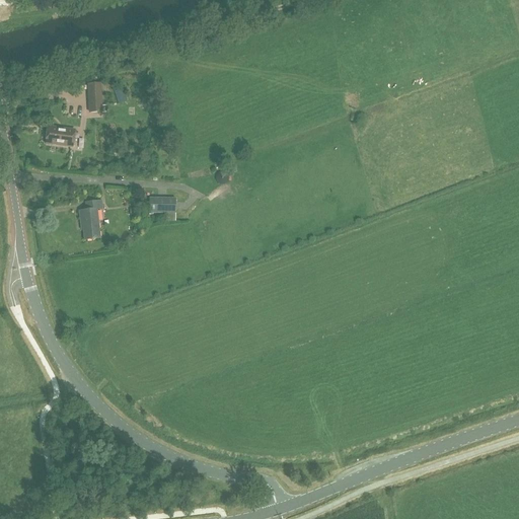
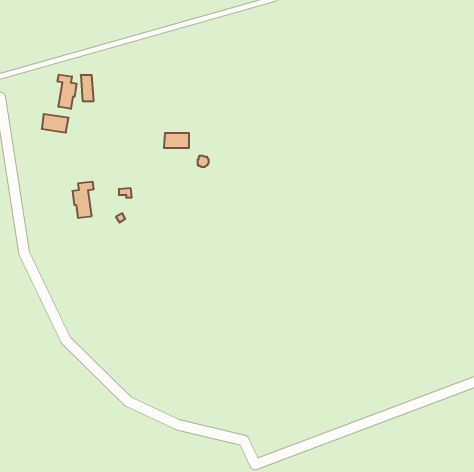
building: none -> [58,75,77,109]
building: [148,196,175,212] -> [164,133,189,148]

